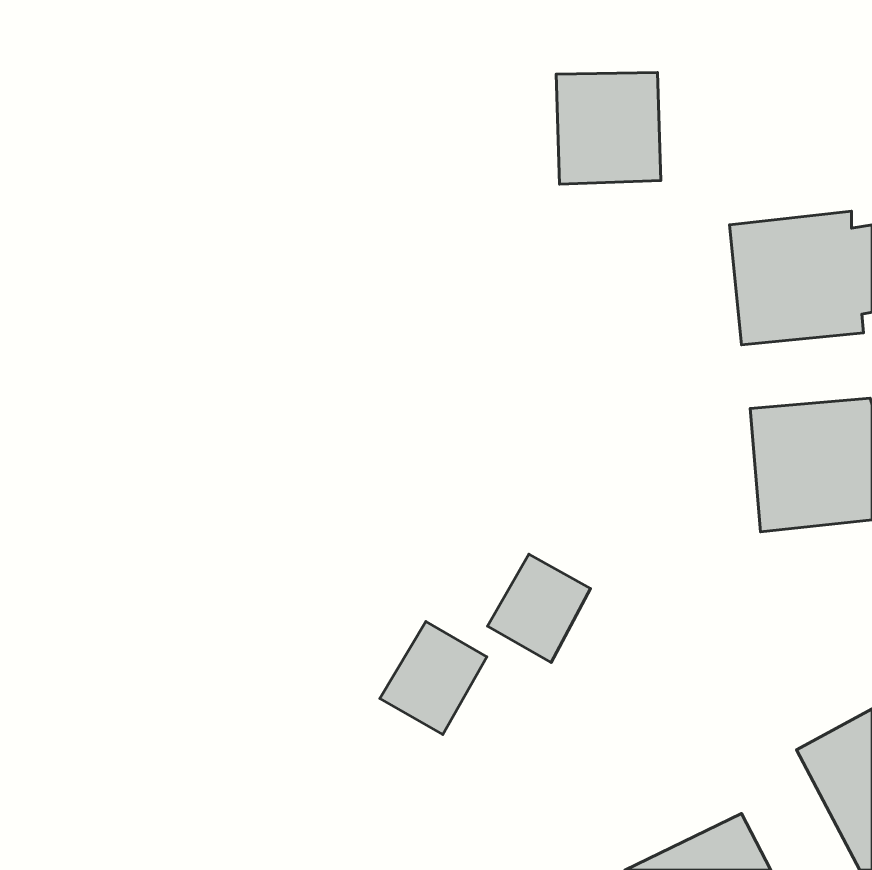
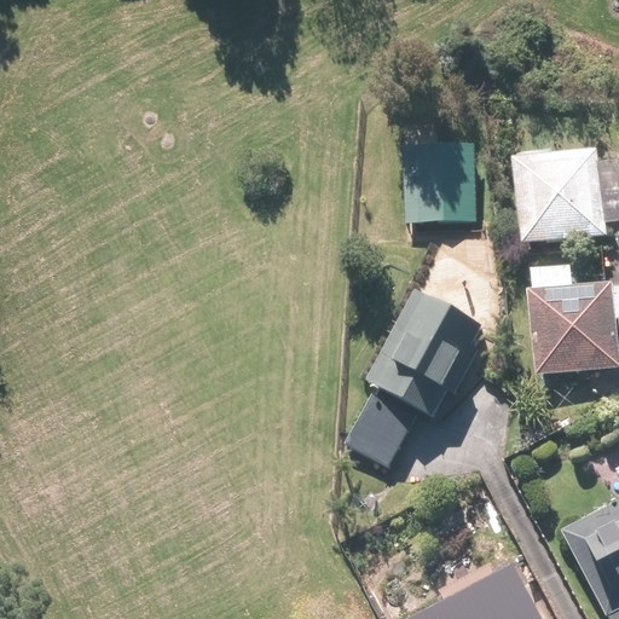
building: [556,73,661,184] -> [404,144,478,222]
building: none -> [366,287,485,416]
building: [380,622,487,734] -> none

